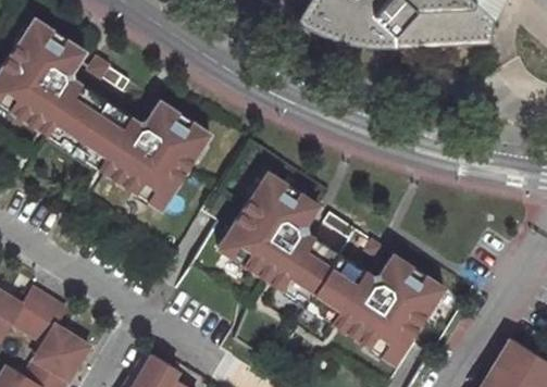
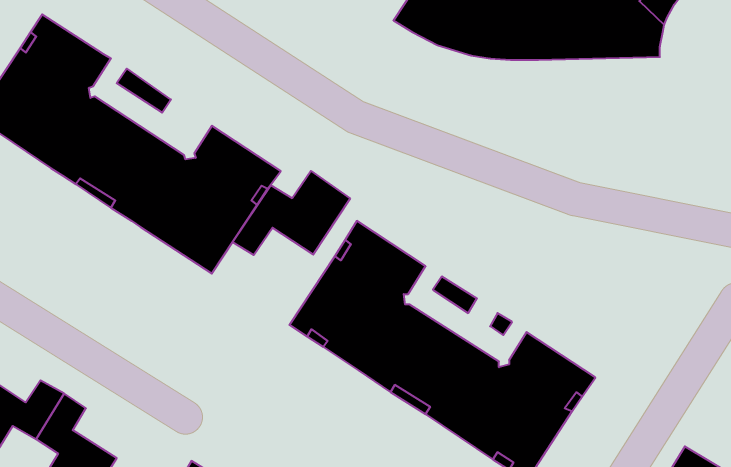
building: none -> [233,171,350,255]

